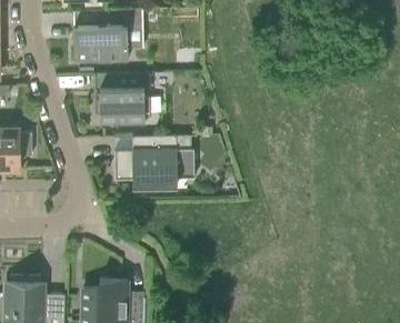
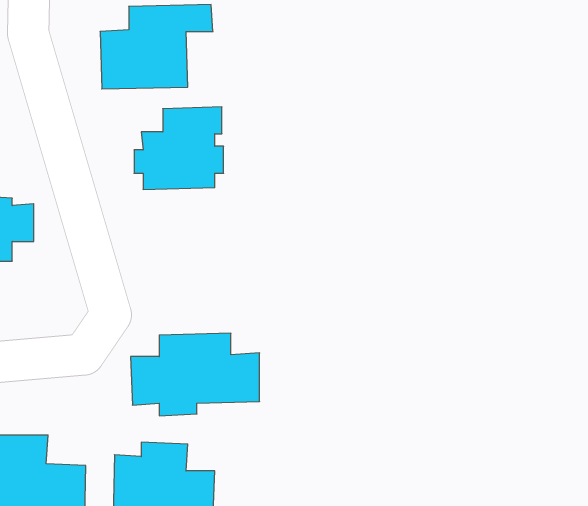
building: [113,138,193,189] -> [131,333,260,416]

